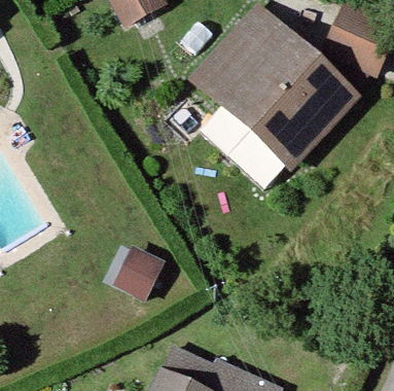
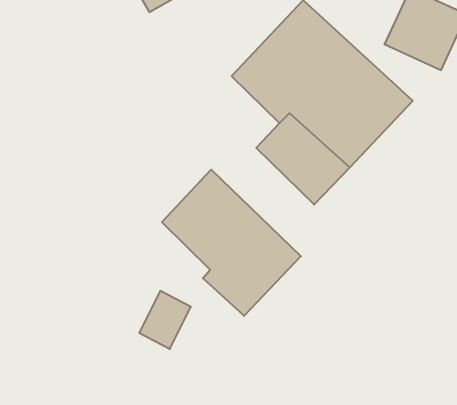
building: none -> [162,170,301,316]

